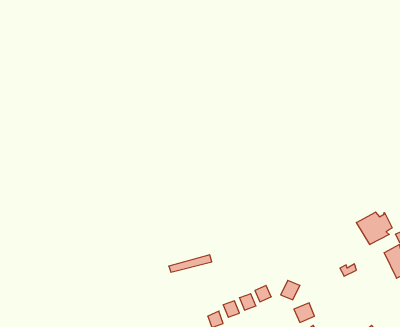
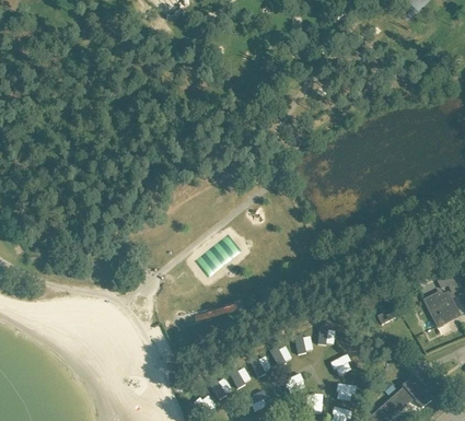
building: [356,212,392,245] -> none

